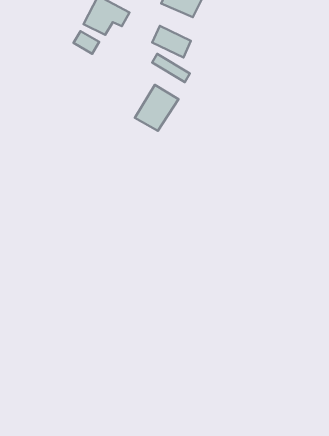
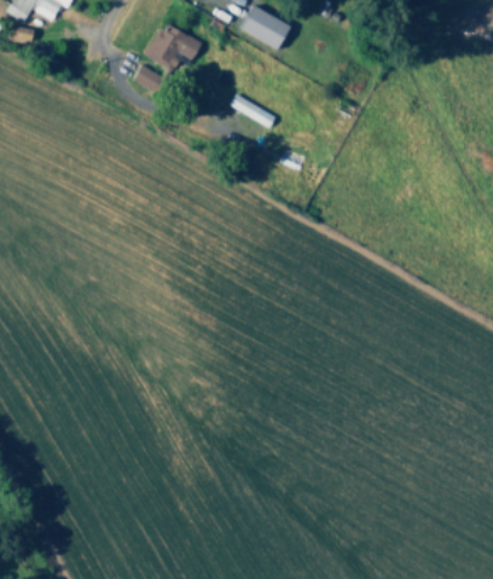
building: [152,26,191,57] -> none
building: [135,85,178,131] -> none

